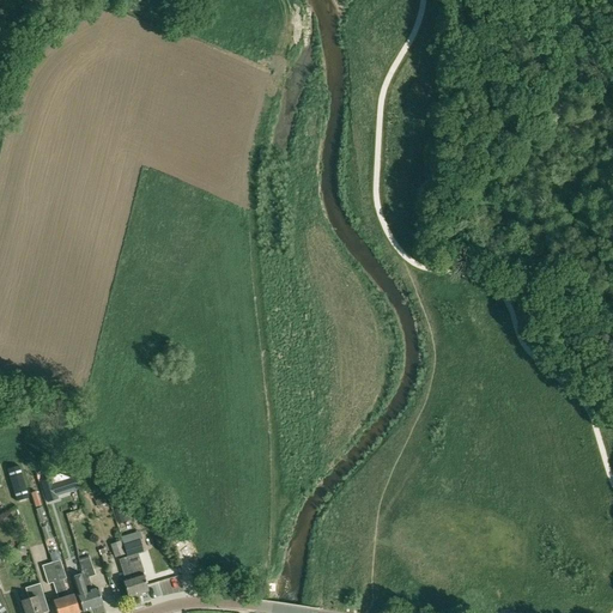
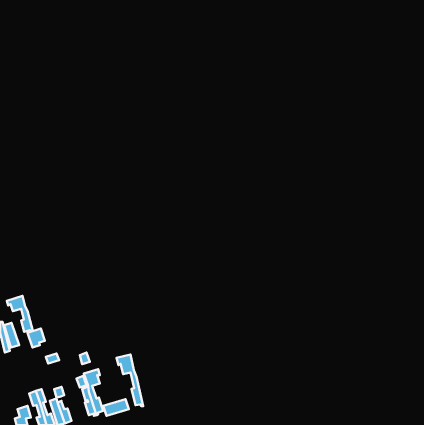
building: none -> [7,296,33,332]
building: none -> [117,355,143,406]

